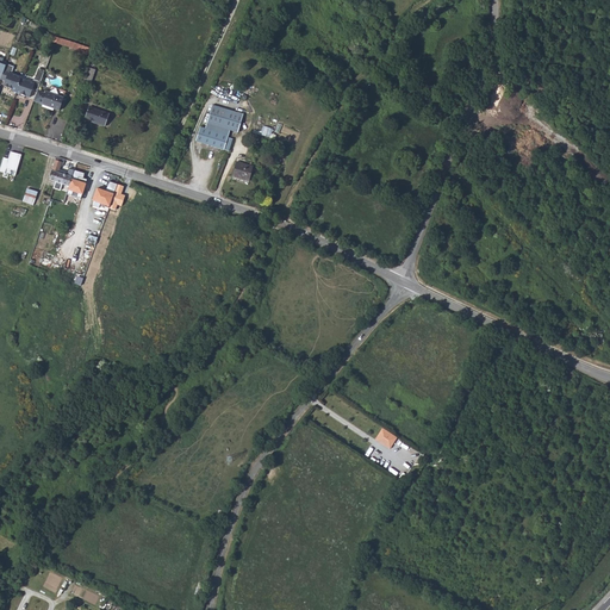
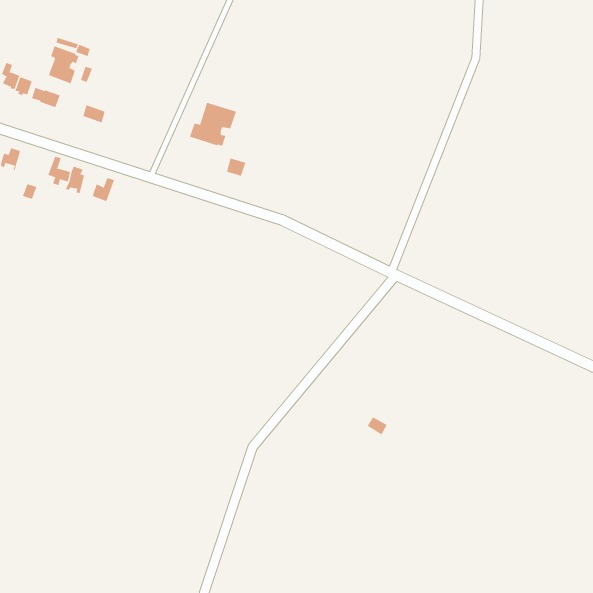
building: none -> [48,45,79,84]

